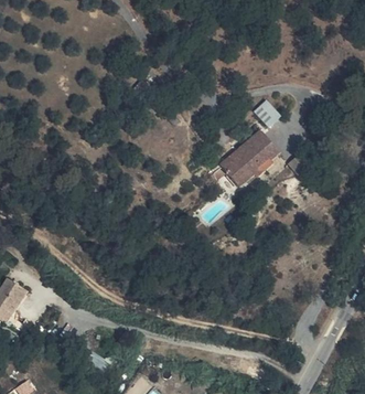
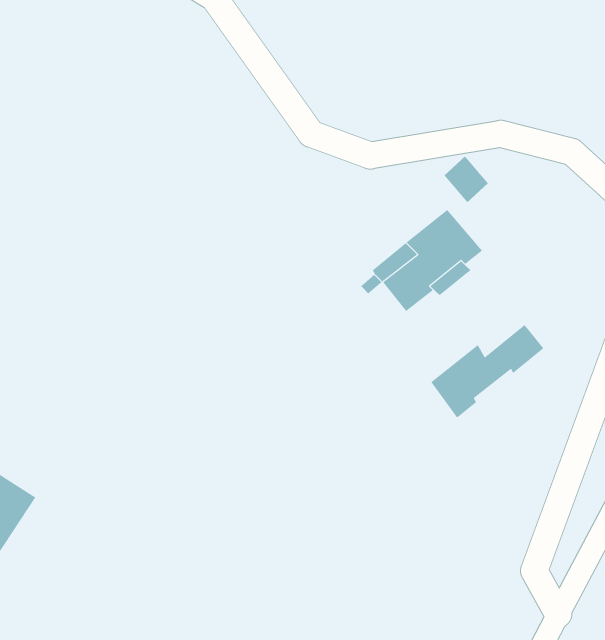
building: none -> [431,324,544,419]

